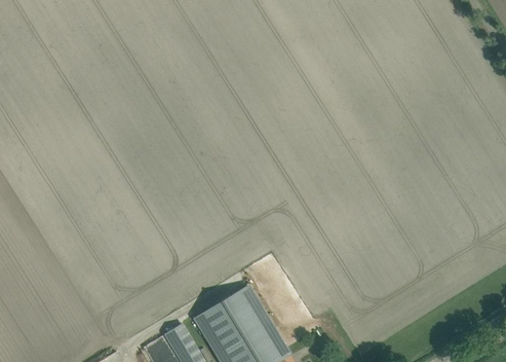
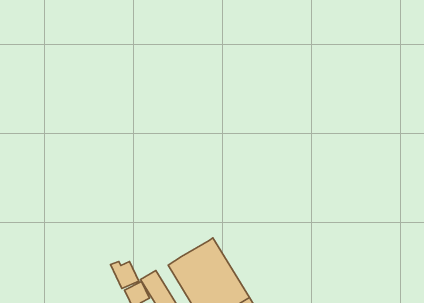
building: none -> [111,261,139,288]

